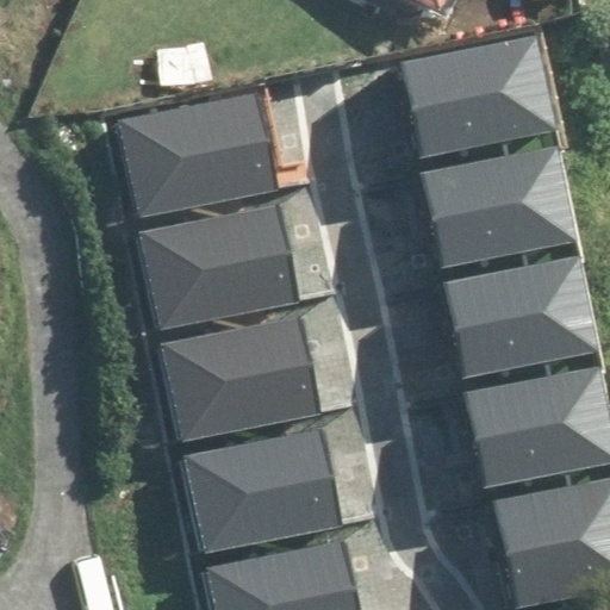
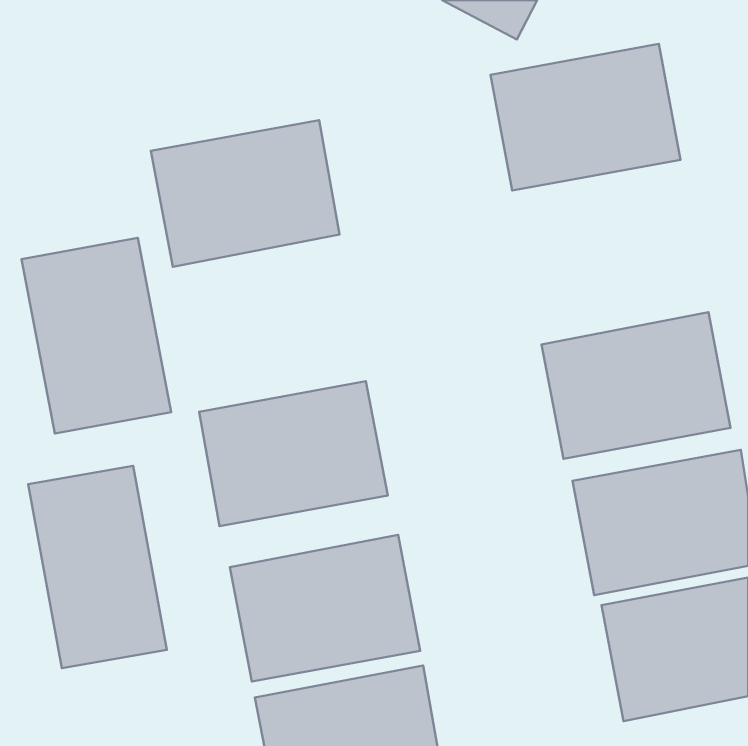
building: [427,143,581,262] -> none
building: none -> [22,238,171,434]
building: [144,205,299,324] -> none
building: none -> [28,466,167,668]

